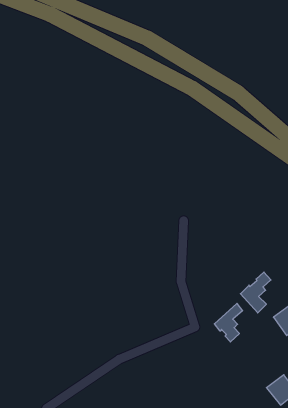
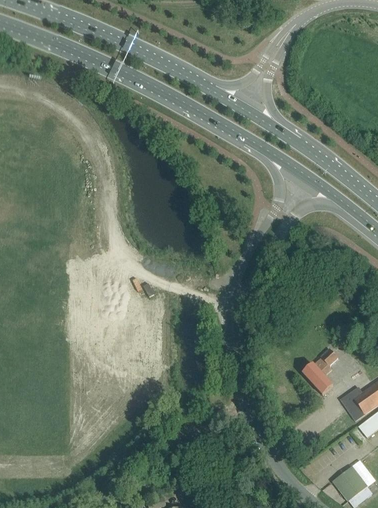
building: [214,303,243,342] -> none

